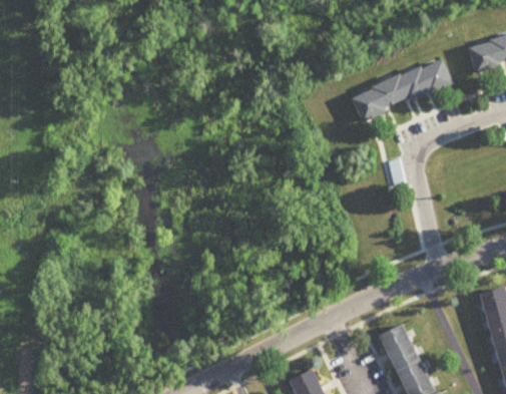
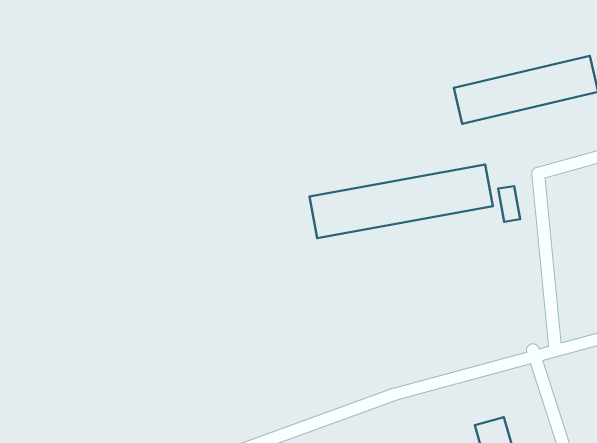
building: none -> [309,165,493,238]

